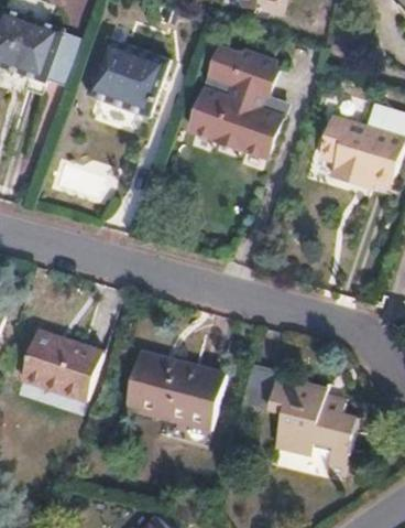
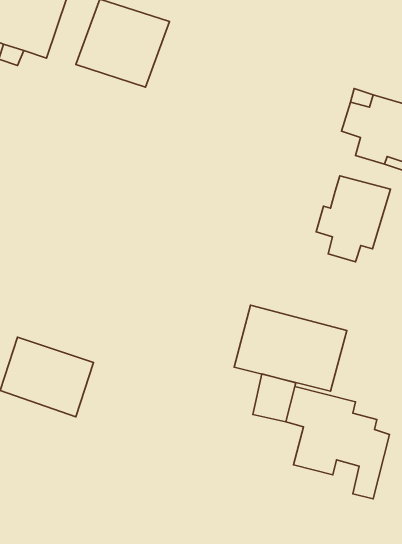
building: [186,44,276,153] -> none
building: none -> [316,176,390,262]
building: [127,353,225,428] -> [234,305,347,391]

